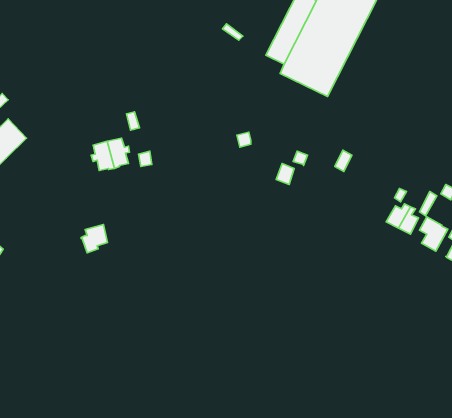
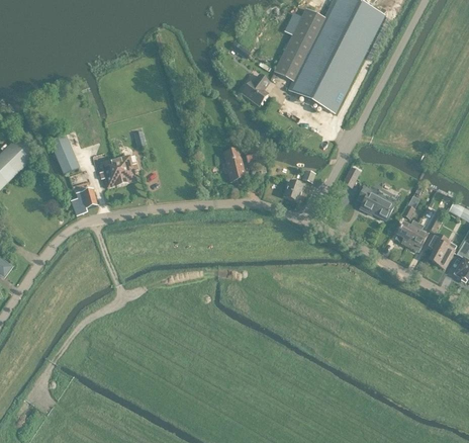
building: none -> [242,75,269,105]
building: none -> [53,140,80,173]
building: none -> [222,149,246,182]
building: none -> [358,187,393,219]
building: [81,224,107,253] -> [71,187,97,215]

